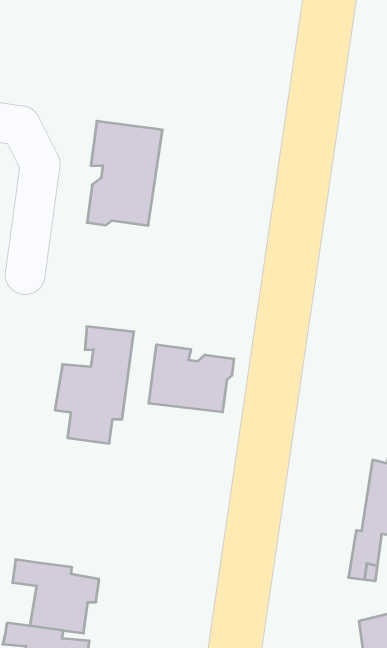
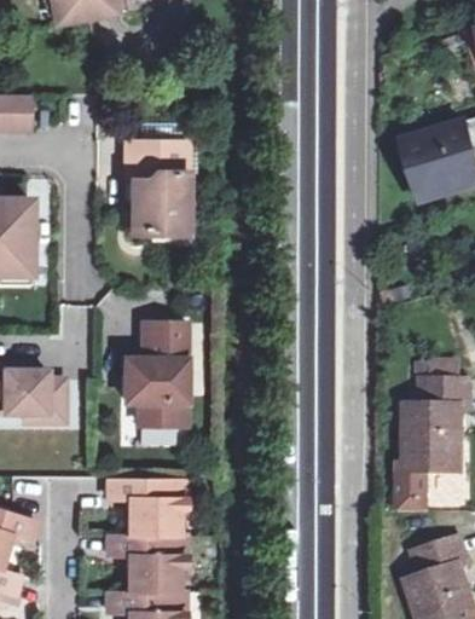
building: [149,345,234,412] -> none
building: none -> [106,478,183,538]

